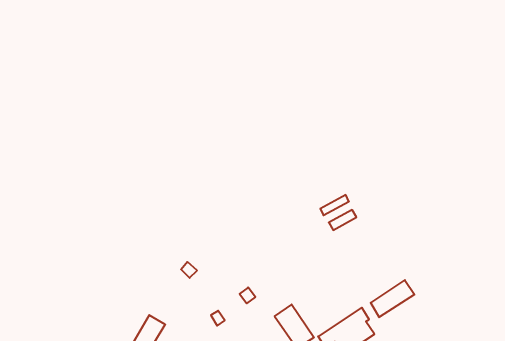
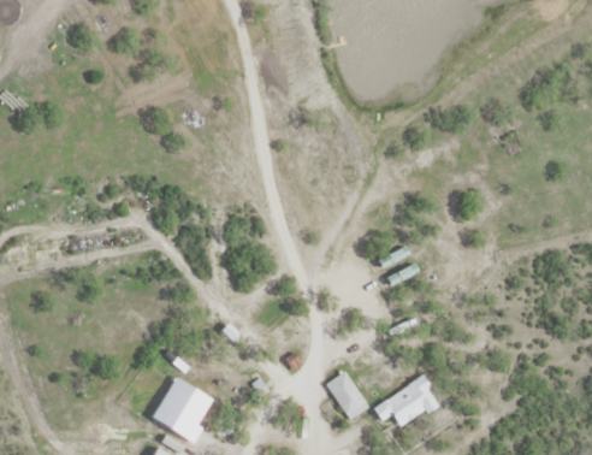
building: [371,280,414,317] -> none

